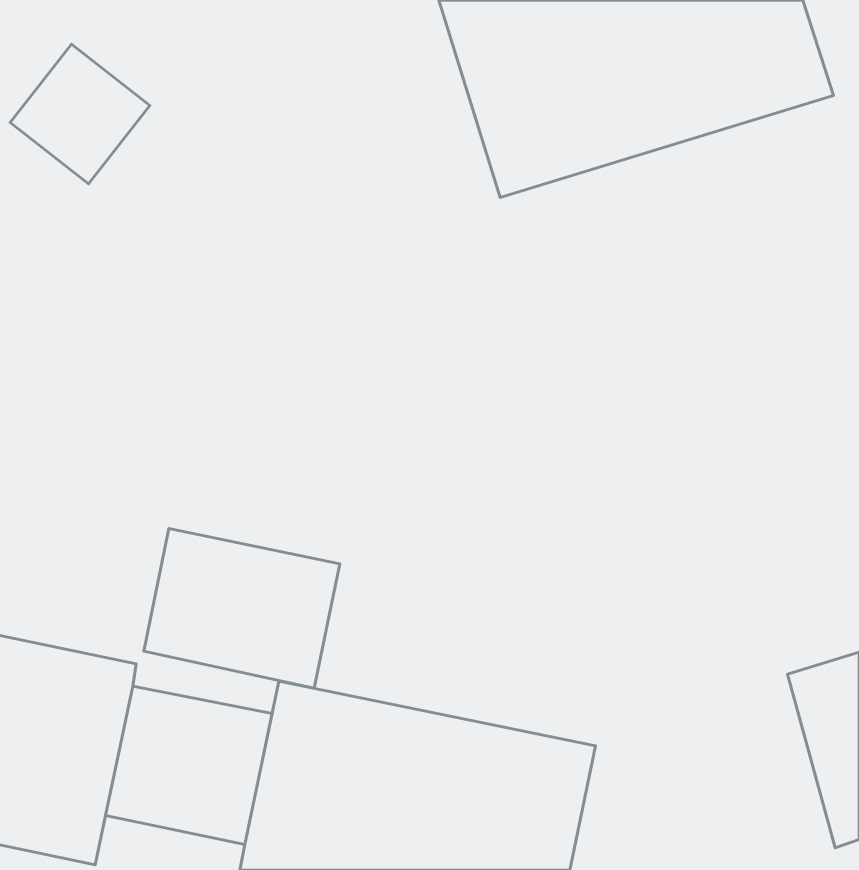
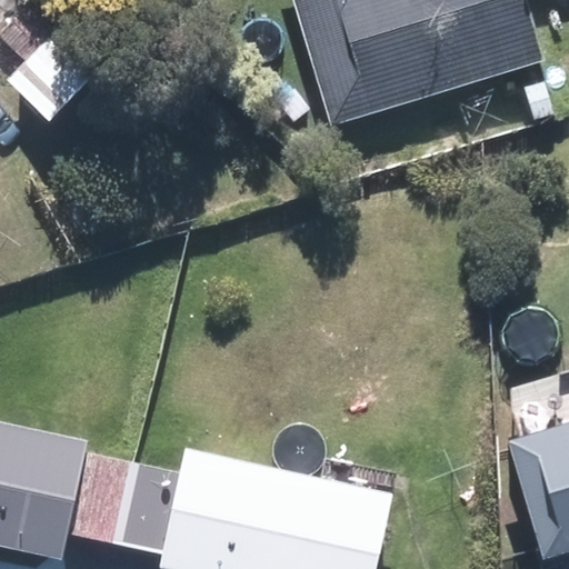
building: [144,528,340,688] -> none

